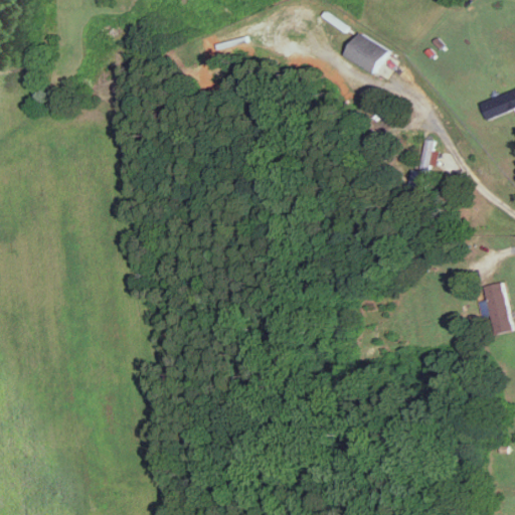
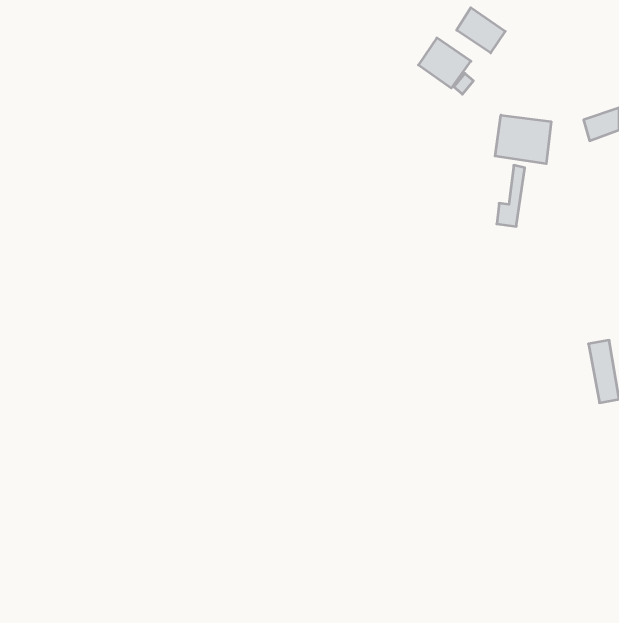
building: none -> [457,8,505,53]
building: none -> [495,115,551,164]

